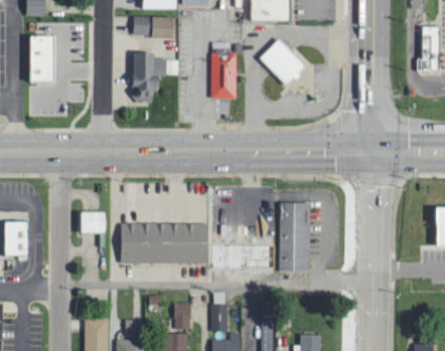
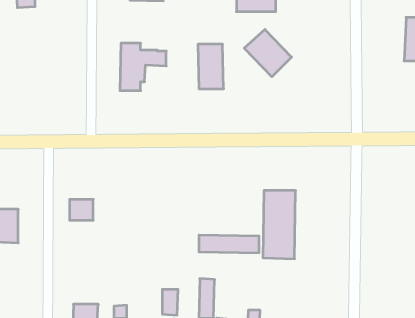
building: [134,17,173,36] -> none
building: [28,35,54,82] -> none
building: [121,222,208,264] -> none

